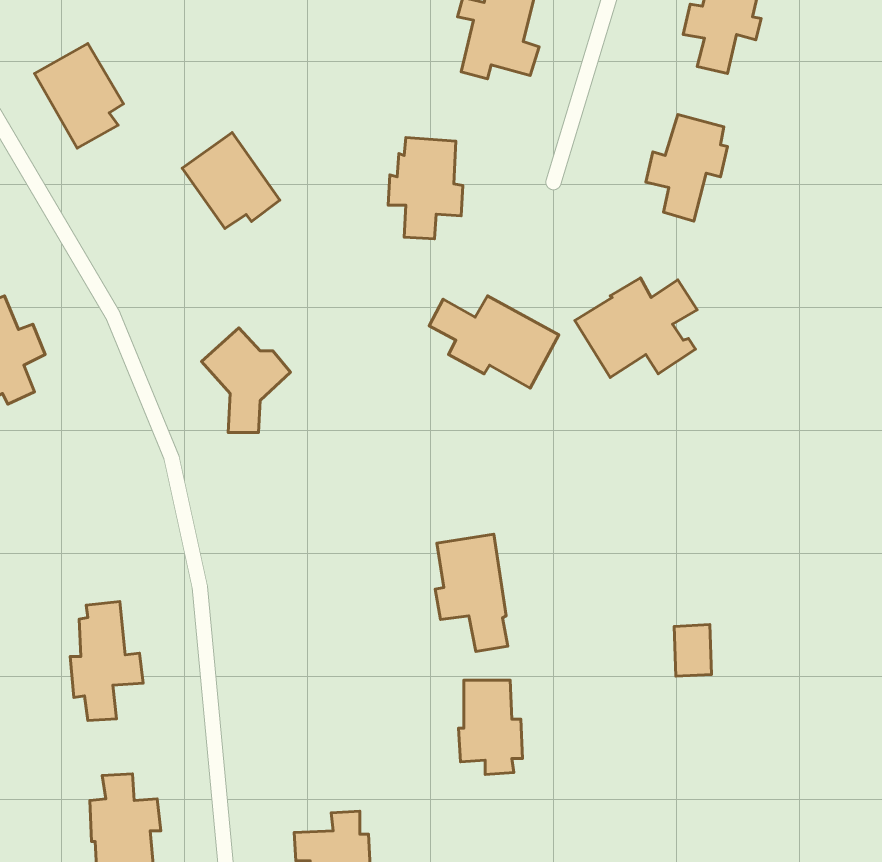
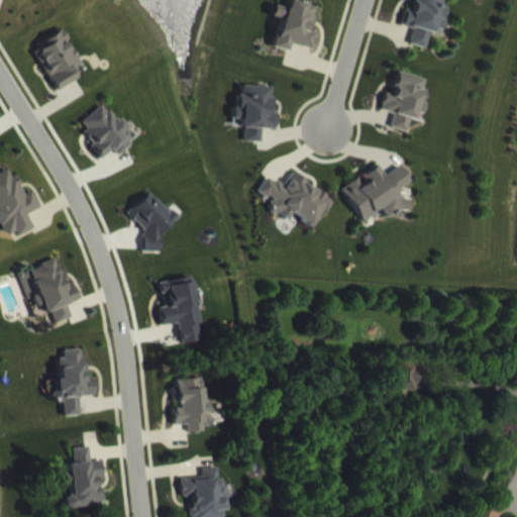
building: [182,133,280,229] -> [79,102,134,157]
building: none -> [20,260,79,322]
building: [435,534,508,651] -> [160,276,201,342]
building: [459,680,523,774] -> [174,378,210,431]

